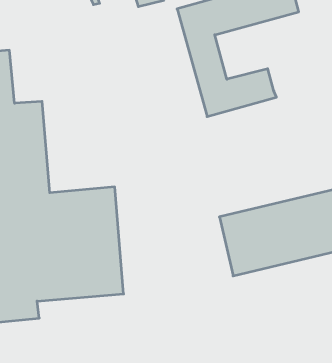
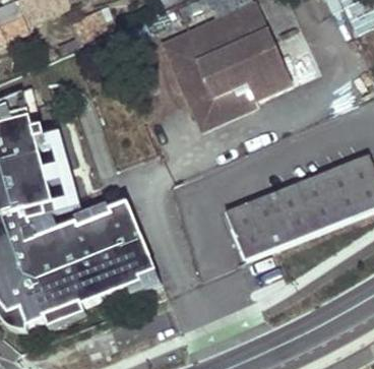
building: none -> [197,26,292,98]

